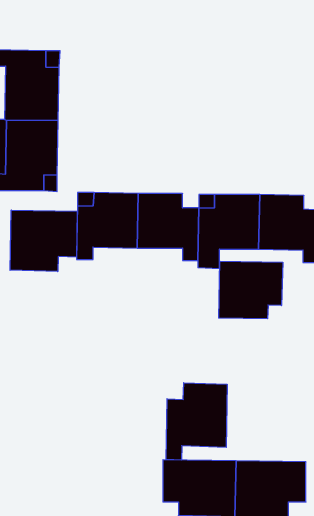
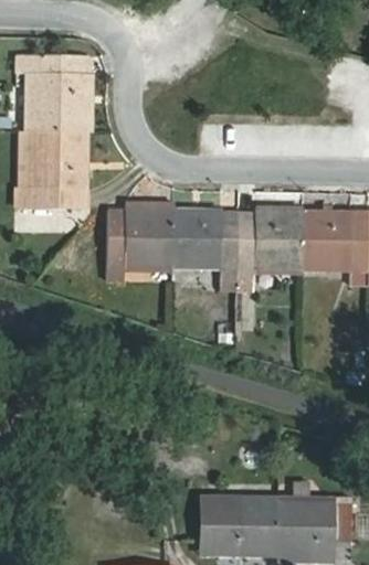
building: [10,210,77,272] -> none
building: [219,261,283,319] -> none
building: [166,383,227,460] -> none

